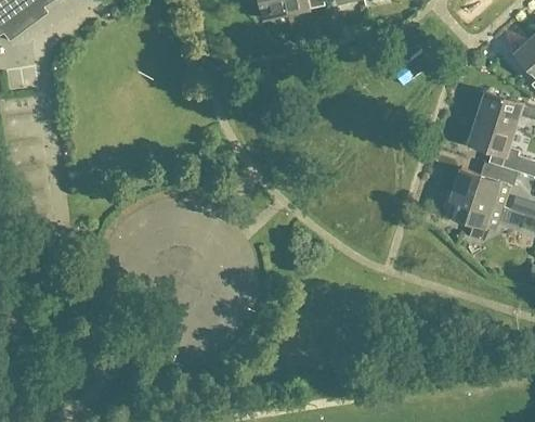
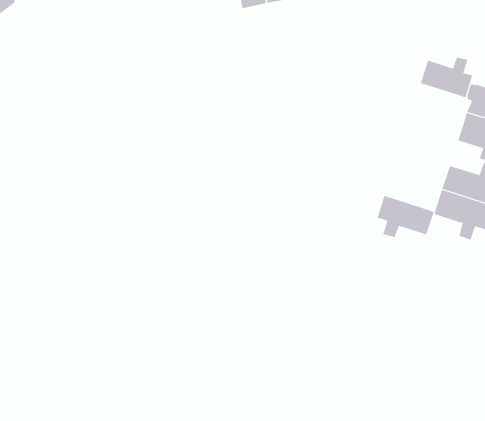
building: none -> [420,56,473,98]
building: none -> [377,195,435,238]

